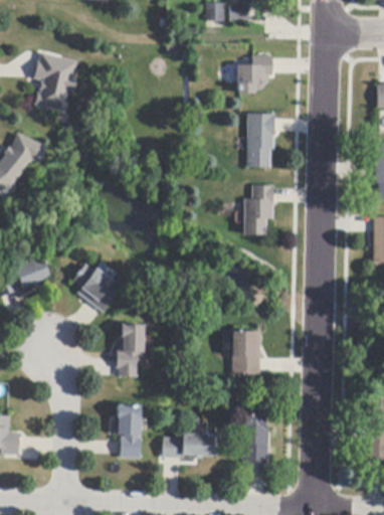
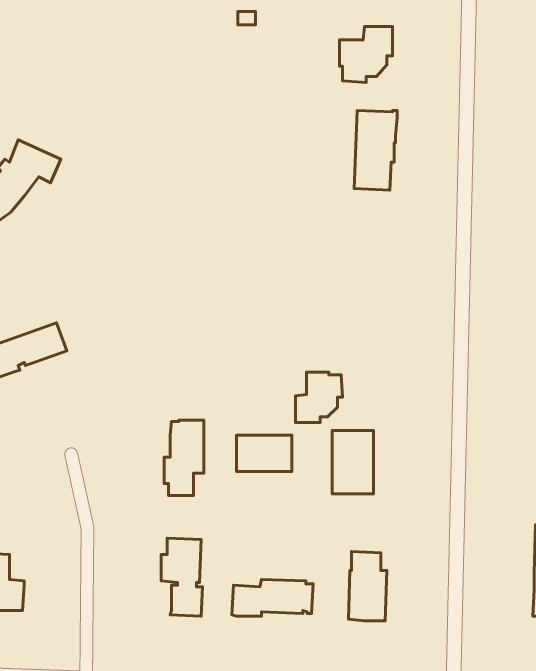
building: [34,52,76,110] -> none
building: [242,184,273,234] -> none
building: [71,264,115,311] -> none
building: none -> [296,372,342,423]
building: none -> [236,435,292,471]

